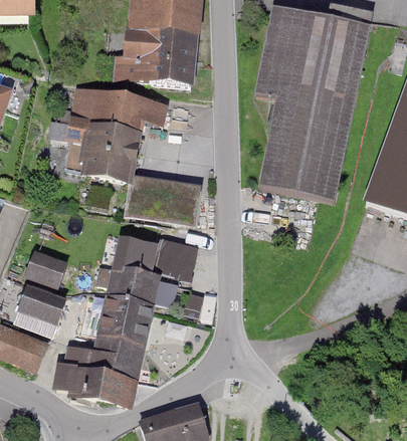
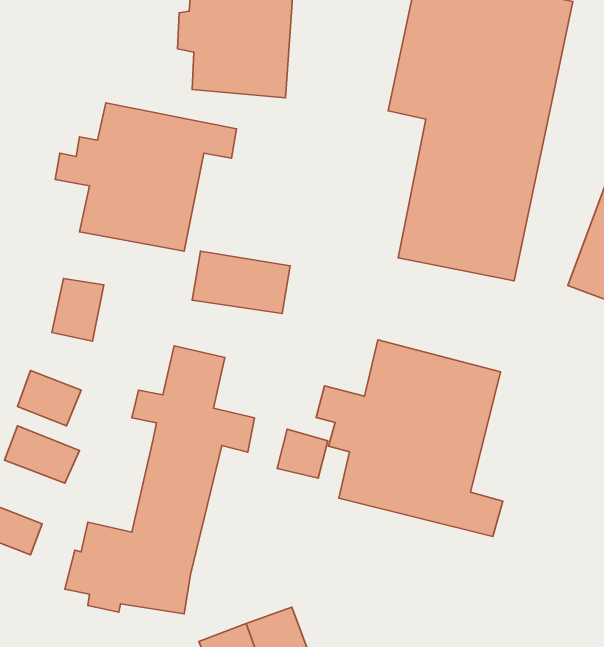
building: none -> [52,278,104,341]
building: none -> [316,340,503,537]
building: [154,239,194,279] -> none

